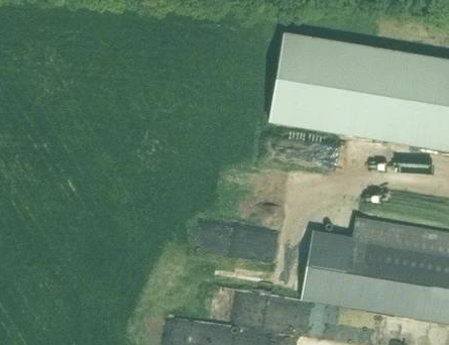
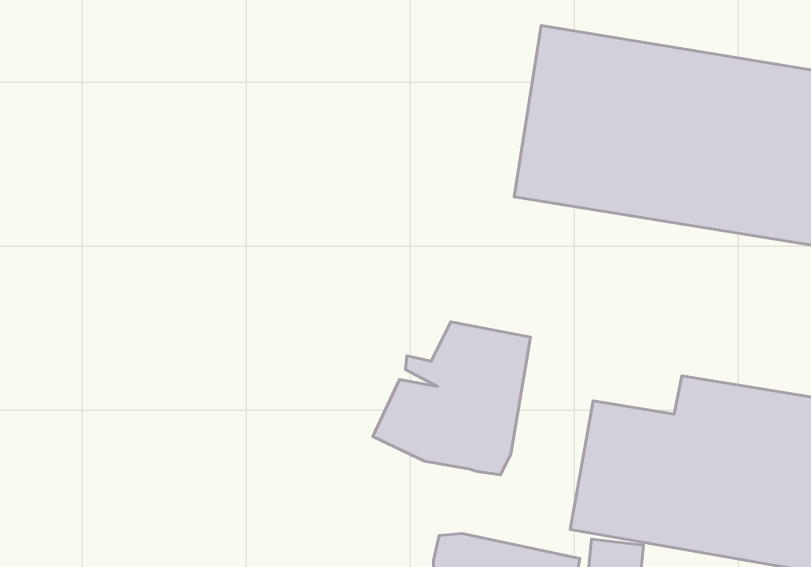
building: none -> [373,322,530,475]

